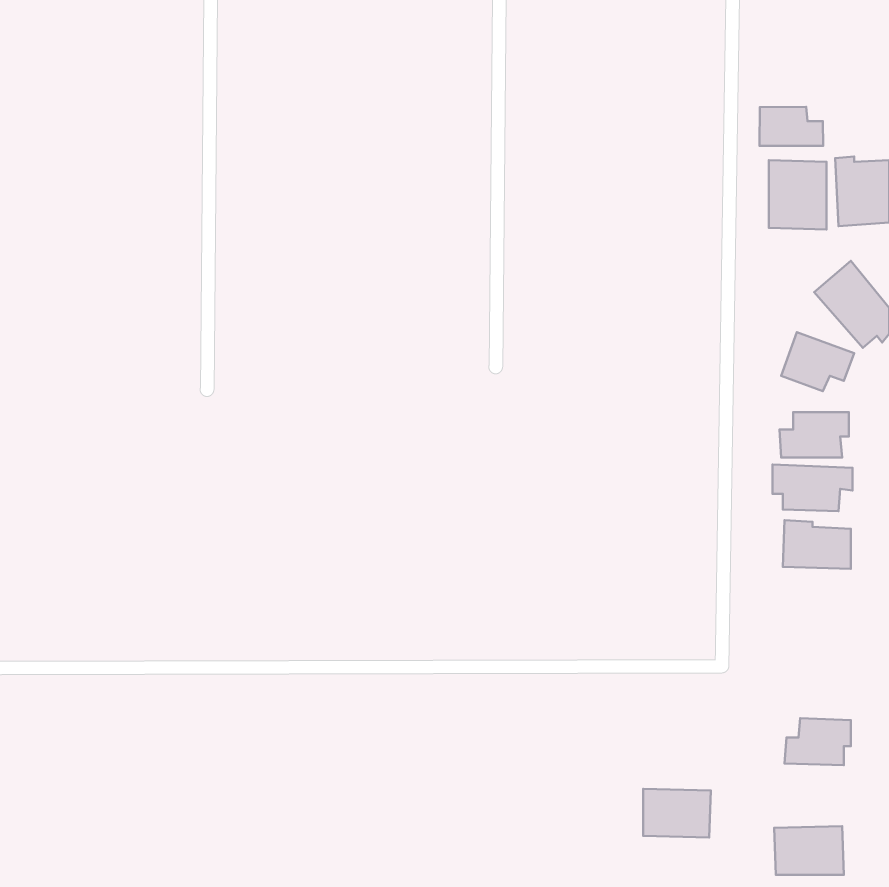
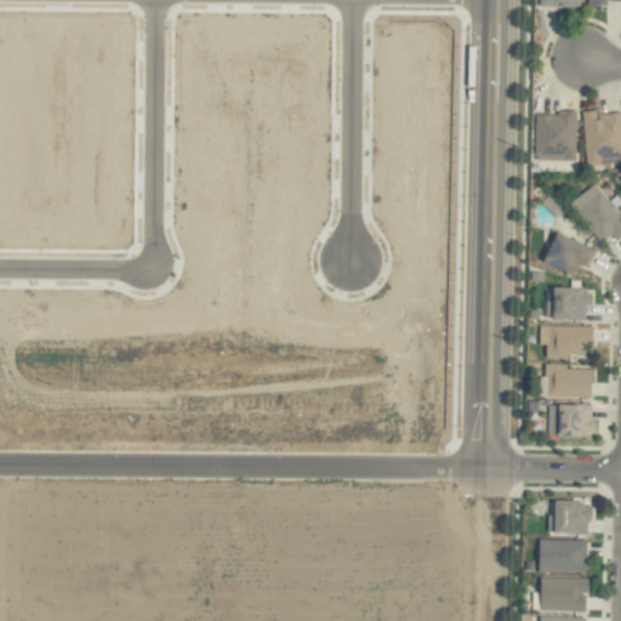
building: [760,107,823,146] -> none
building: none -> [548,404,597,435]
building: [643,789,711,838] -> [540,539,587,572]

